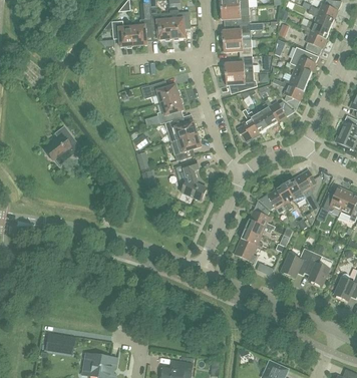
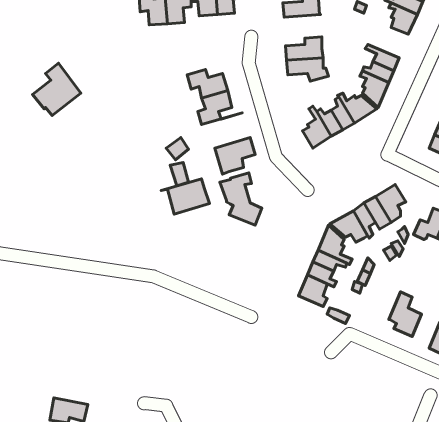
building: [223,38,252,56] -> none
building: [289,46,318,71] -> none
building: [159,113,197,140] -> [161,179,209,214]
building: [42,124,79,164] -> [32,63,81,115]
building: [281,248,312,277] -> none

